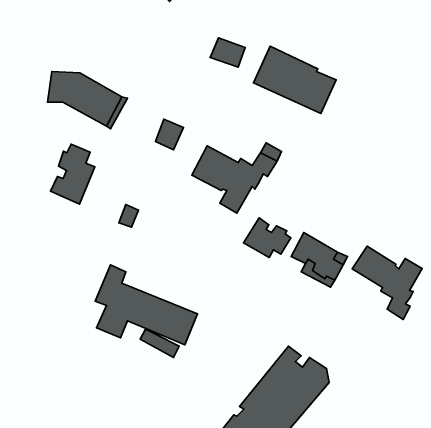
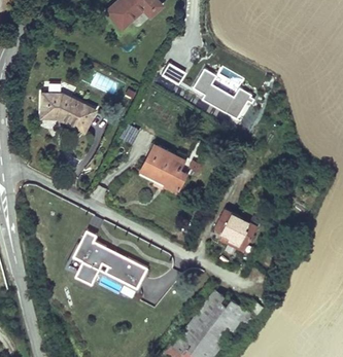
building: [50,144,95,204] -> none
building: [244,218,291,258] -> none
building: [352,246,422,320] -> none

